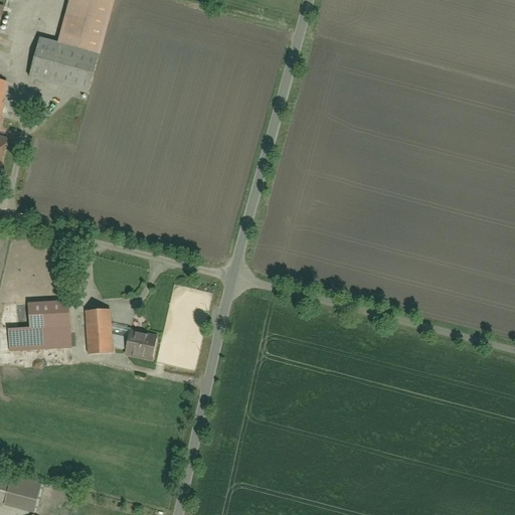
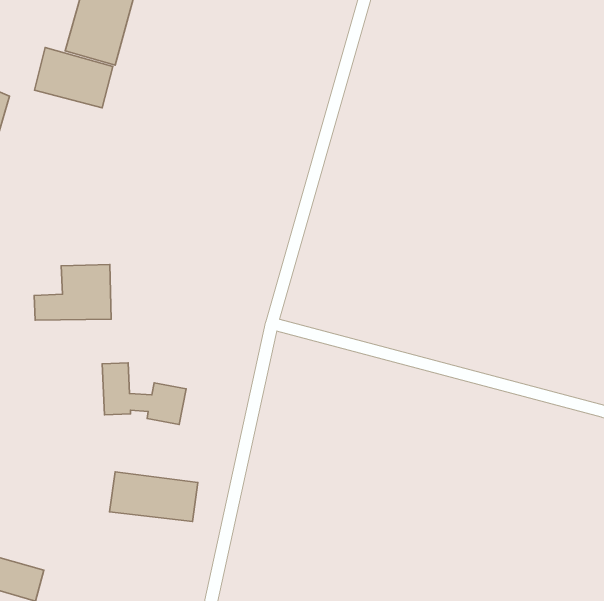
building: [5,301,70,348] -> [34,265,111,320]
building: none -> [109,472,198,521]

